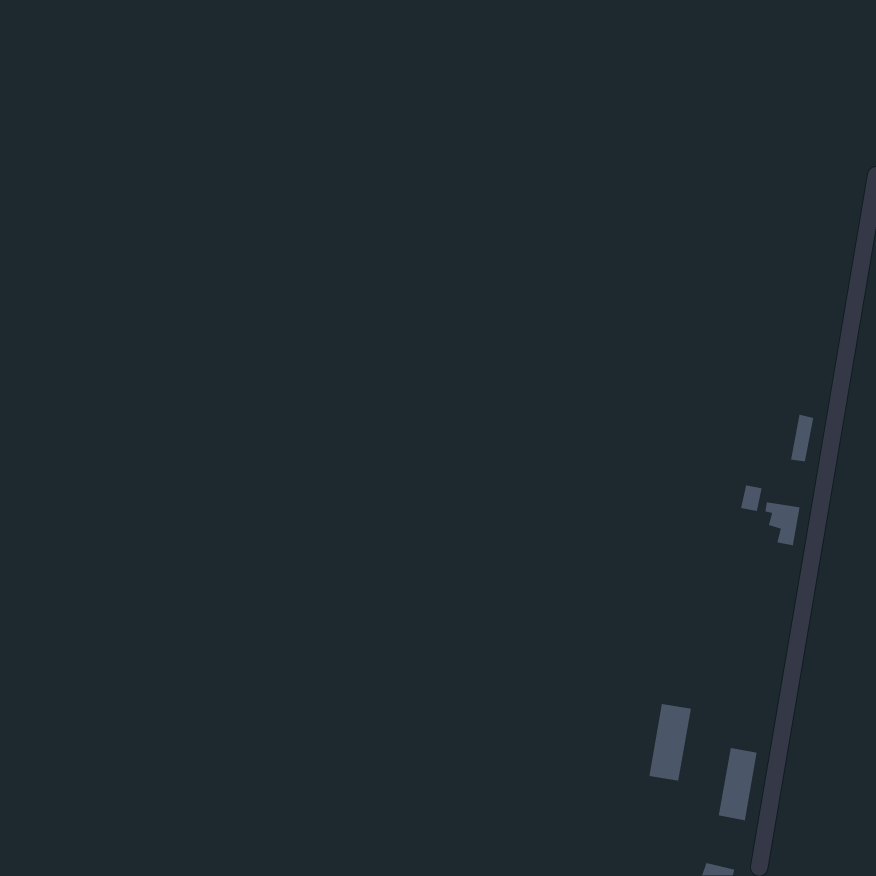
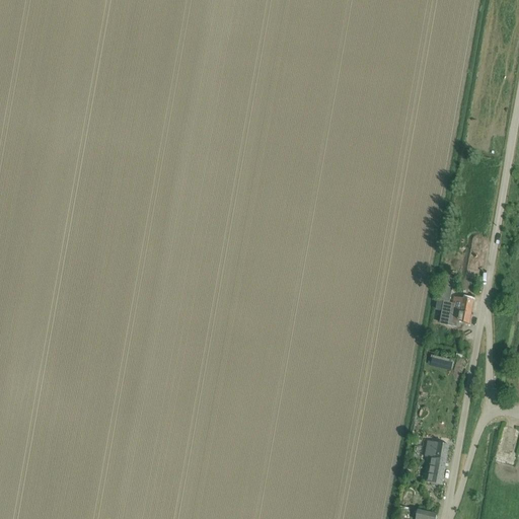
building: [648,703,692,782] -> none

